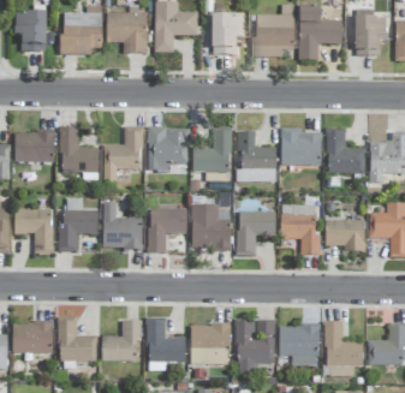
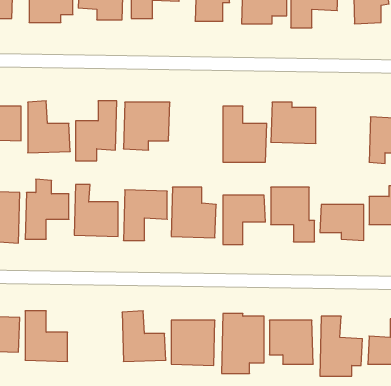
building: [192,126,231,172] -> none
building: [326,127,364,173] -> none
building: [101,320,139,361] -> none

